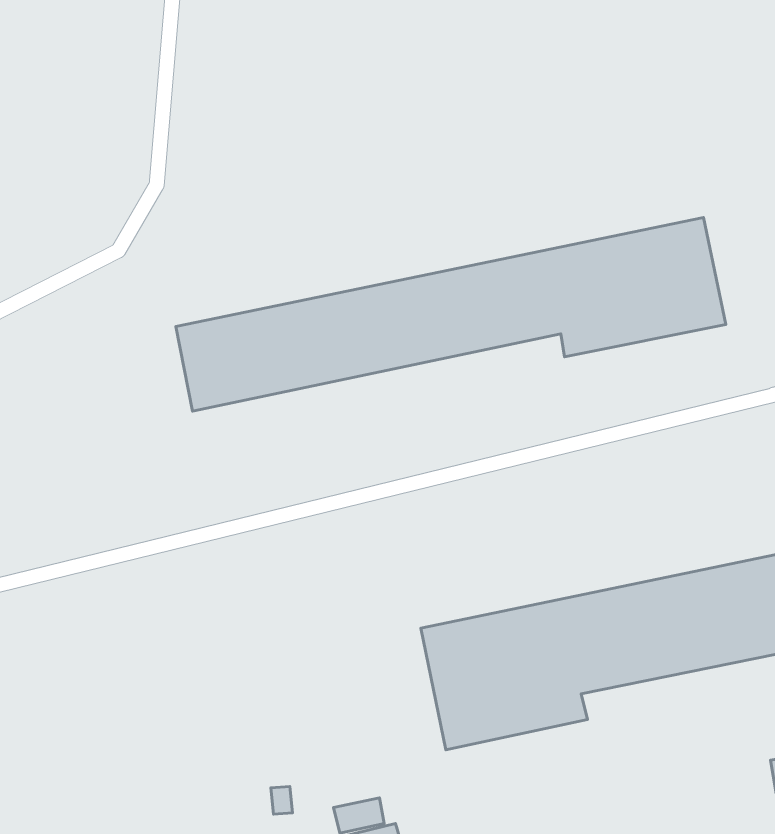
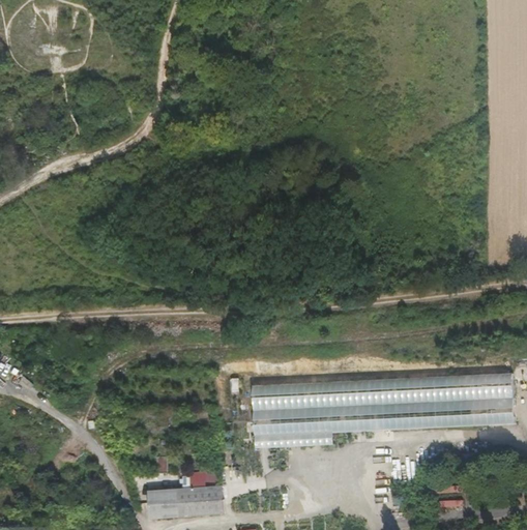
building: [176,217,726,411] -> none

